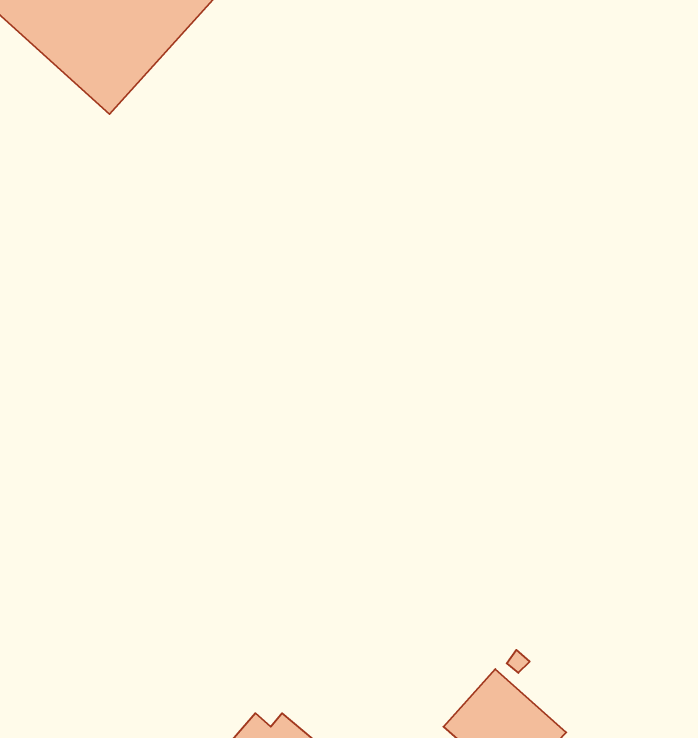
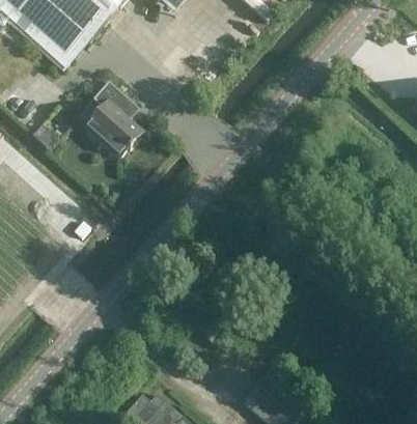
building: none -> [85,79,144,156]

